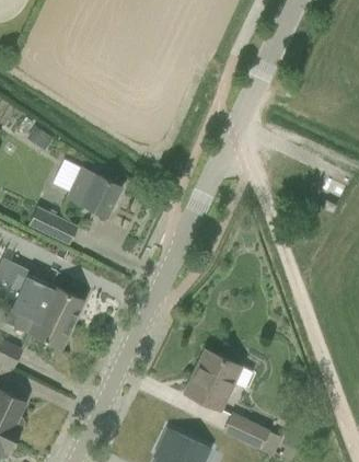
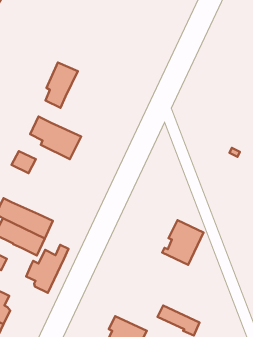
building: none -> [45,62,78,108]
building: none -> [26,245,68,293]
building: [185,349,241,409] -> [162,220,203,265]

